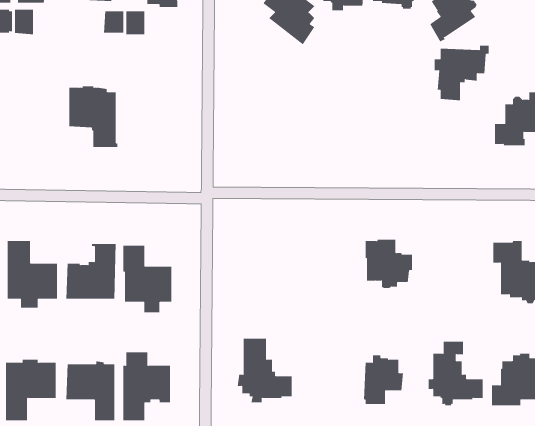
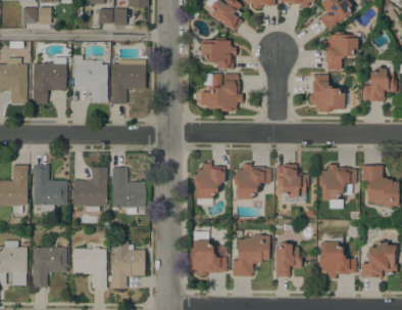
building: none -> [201,37,236,69]
building: none -> [33,57,66,103]
building: none -> [110,60,146,104]
building: none -> [200,74,242,110]
building: none -> [309,74,355,112]
building: none -> [194,163,224,205]
building: none -> [234,164,271,198]
building: none -> [319,164,356,208]
building: none -> [232,234,269,276]

